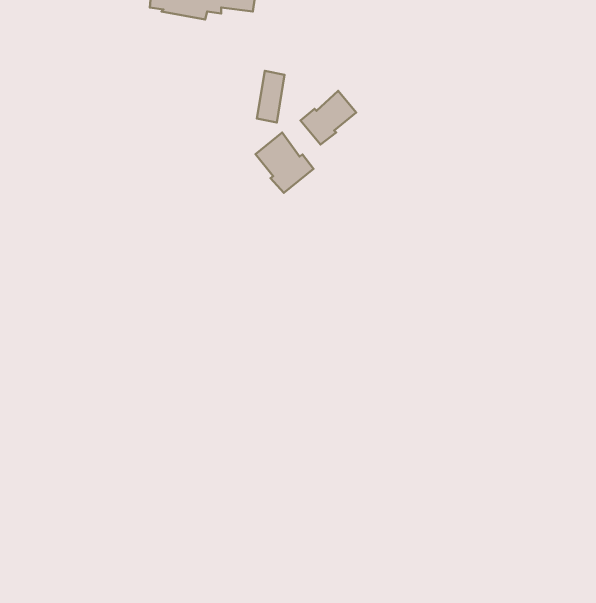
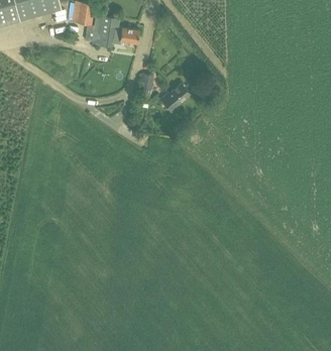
building: [255,132,314,193] -> none

